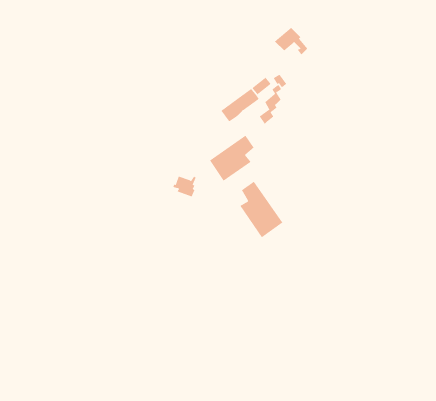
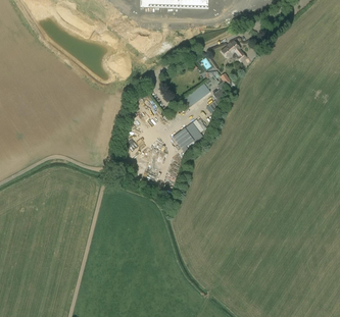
building: [239,181,283,238] -> none

